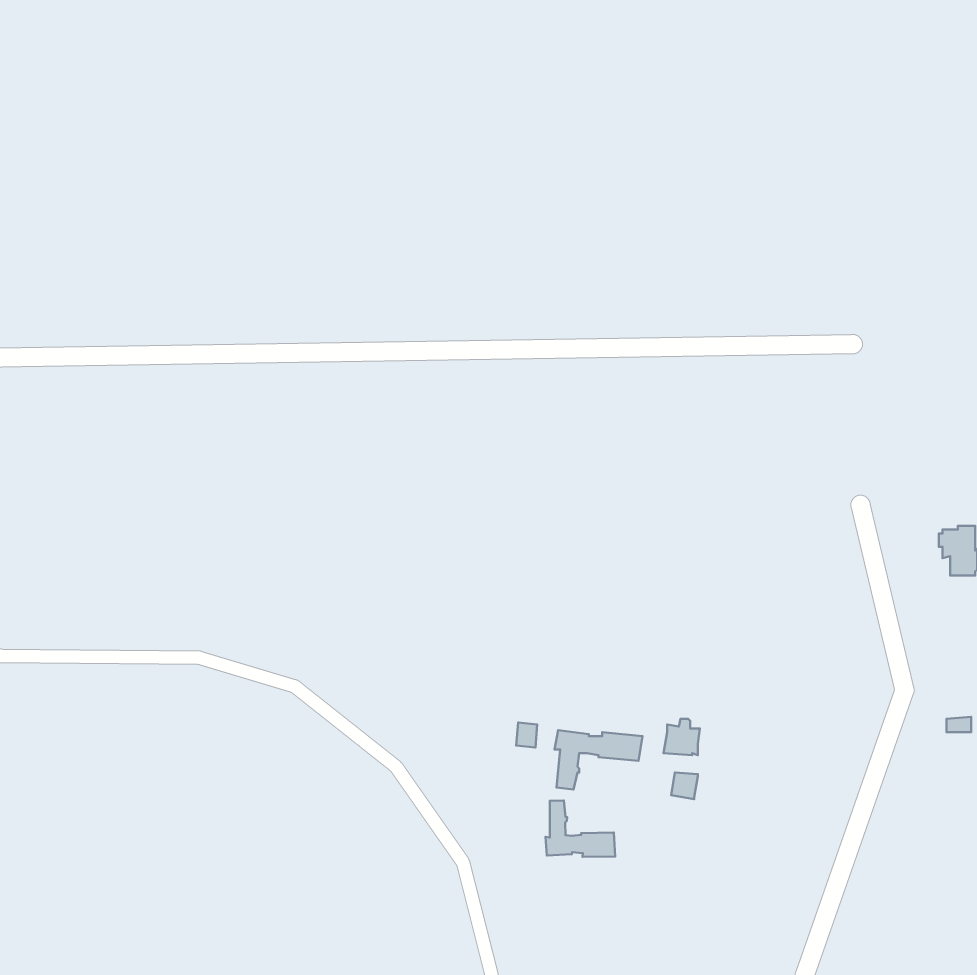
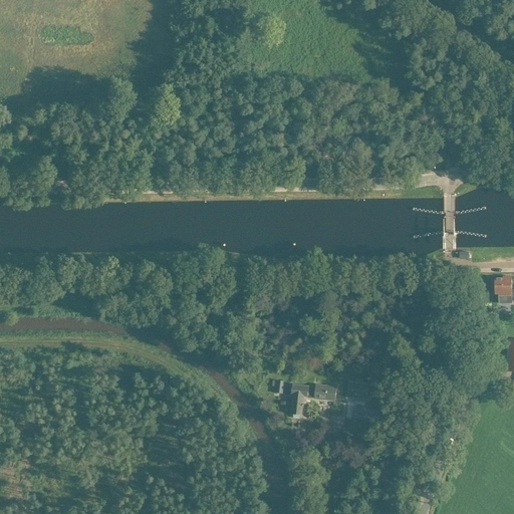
building: [545,800,615,857] -> none

